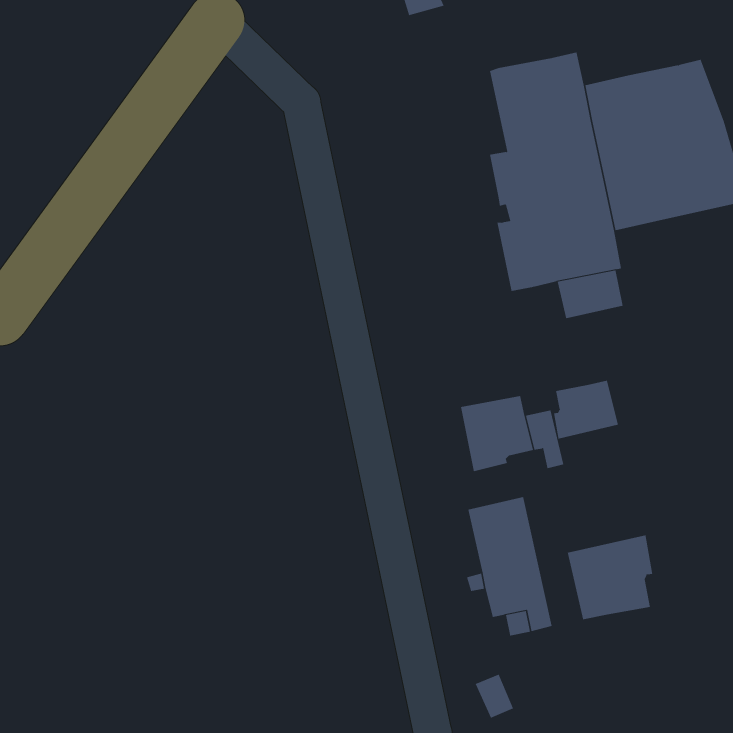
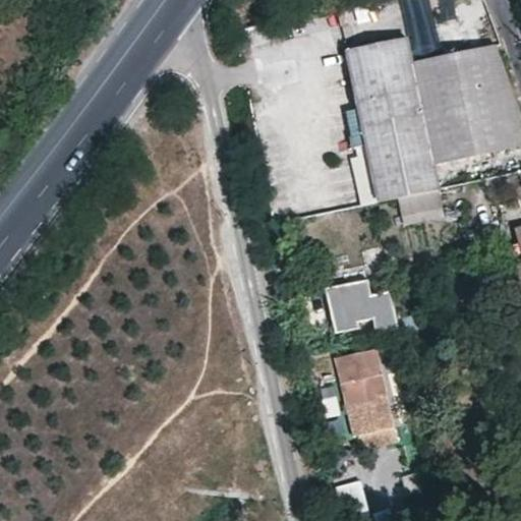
building: [554,380,618,439] -> none
building: [567,534,653,620] -> none

